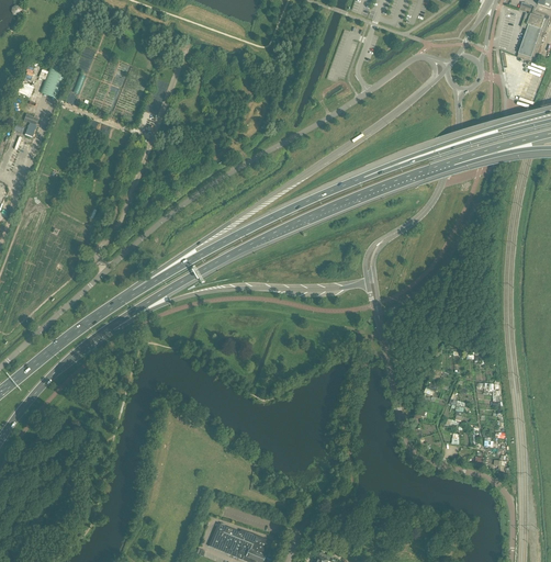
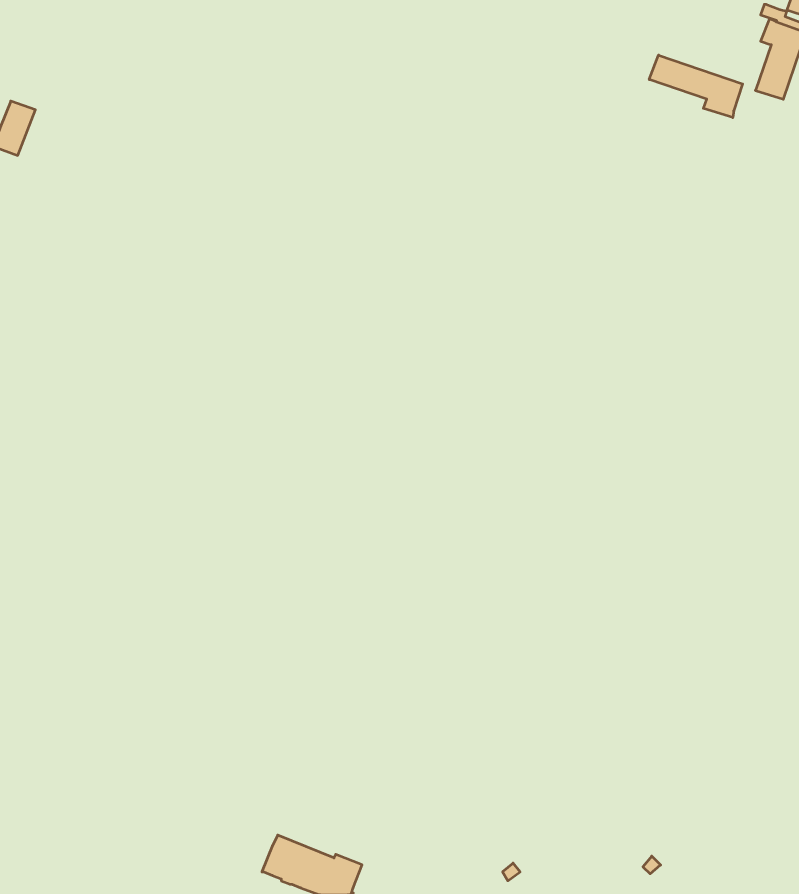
building: none -> [649,55,743,118]

